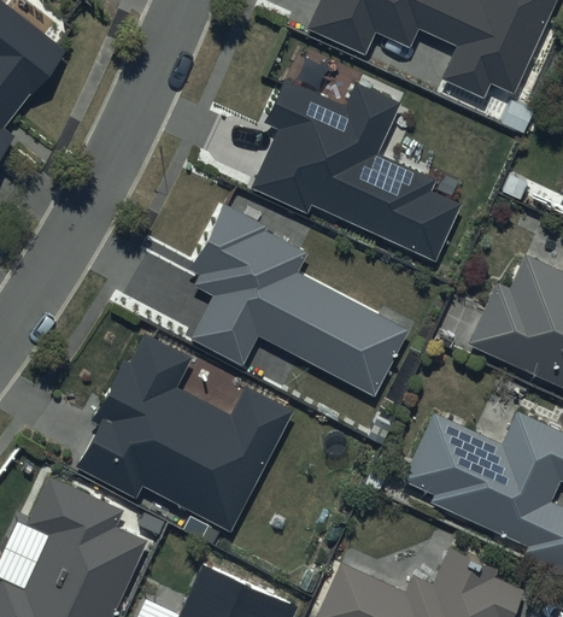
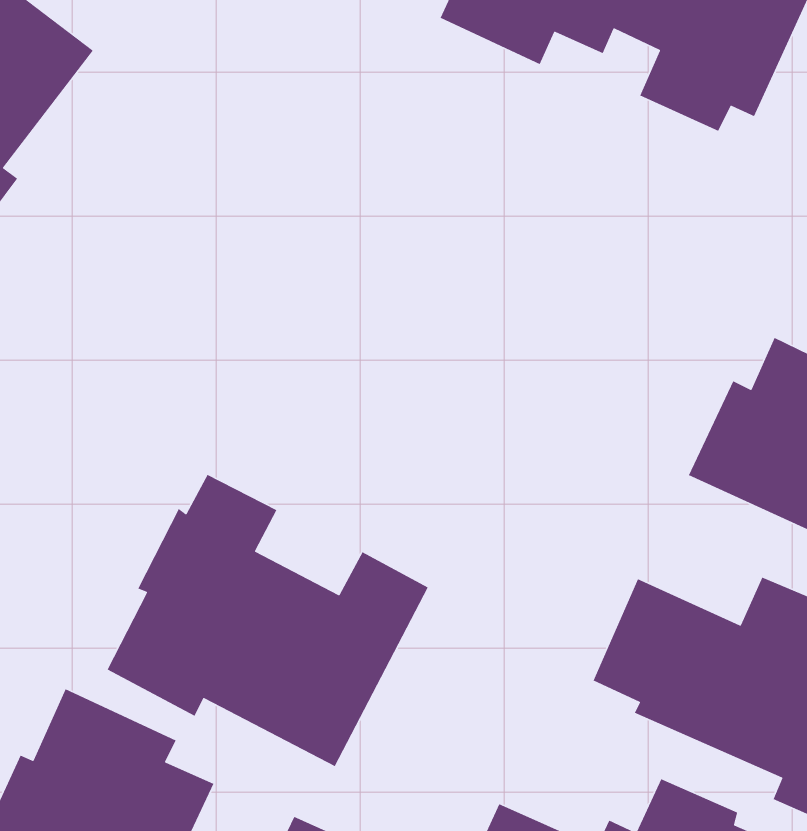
building: [254,80,464,263] -> none
building: [194,206,401,386] -> none

